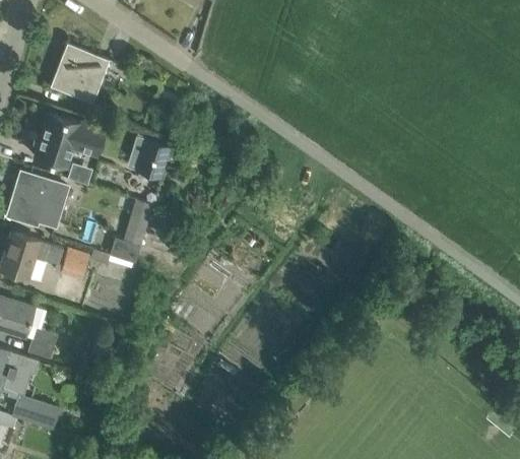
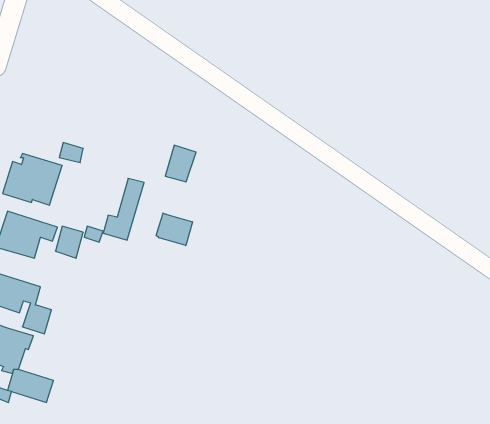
building: [53,44,109,103] -> none
building: [35,113,105,167] -> none
building: [138,140,170,178] -> [165,145,196,182]
building: none -> [156,213,193,246]

